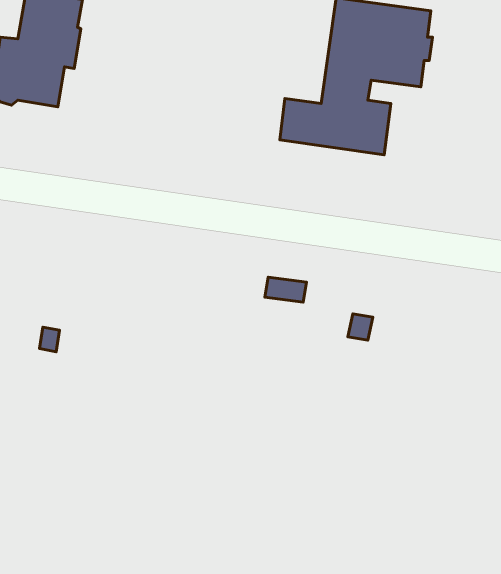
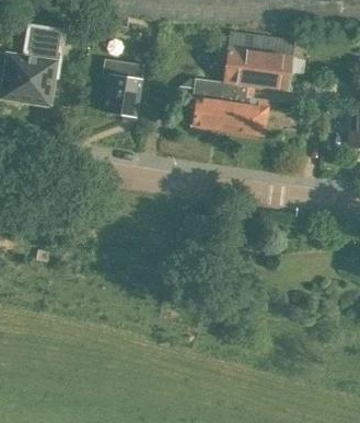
building: none -> [102,56,144,116]

